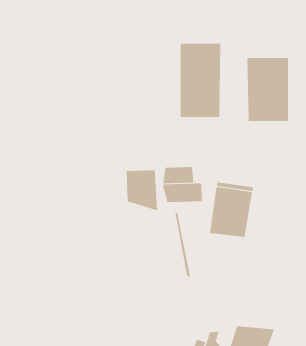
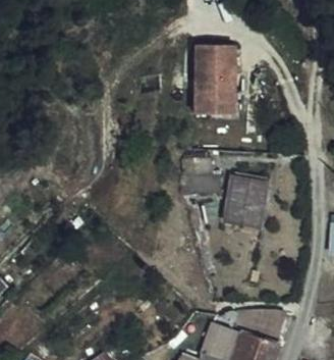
building: [247,57,289,122] -> none
building: [126,170,157,211] -> none

